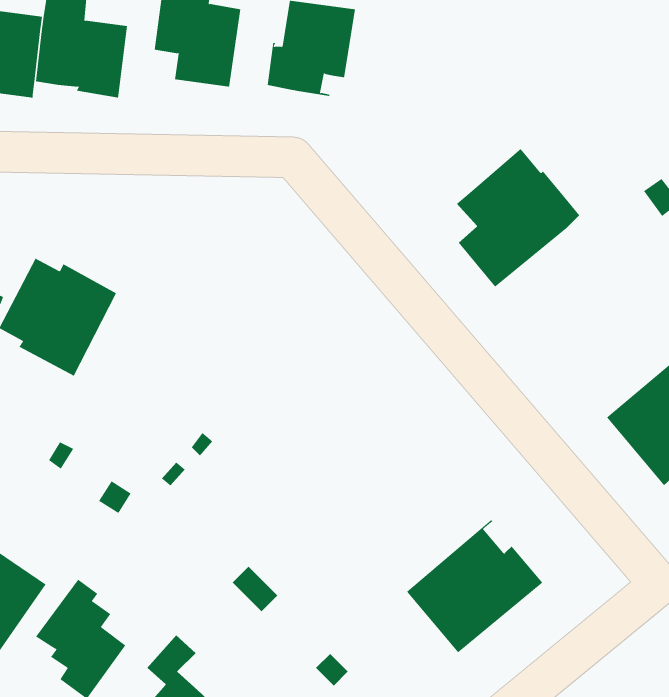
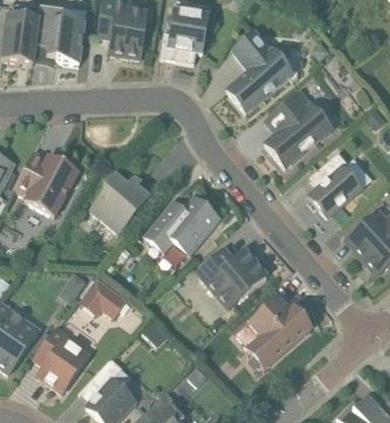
building: none -> [226,30,292,110]
building: none -> [308,151,362,216]
building: none -> [89,171,150,232]
building: none -> [144,195,219,252]
building: none -> [197,246,266,304]
building: none -> [80,277,127,316]

